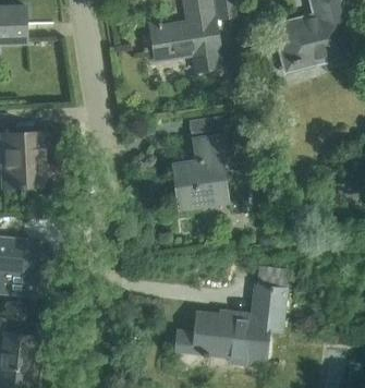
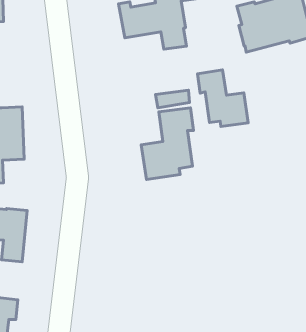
building: none -> [197,70,248,126]
building: [174,264,288,366] -> none

